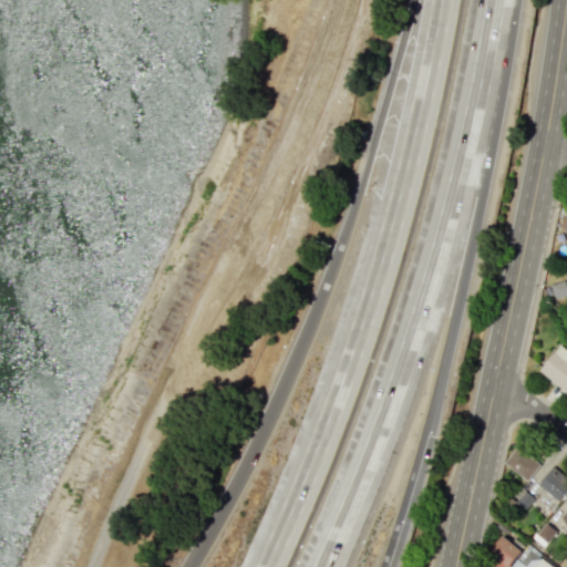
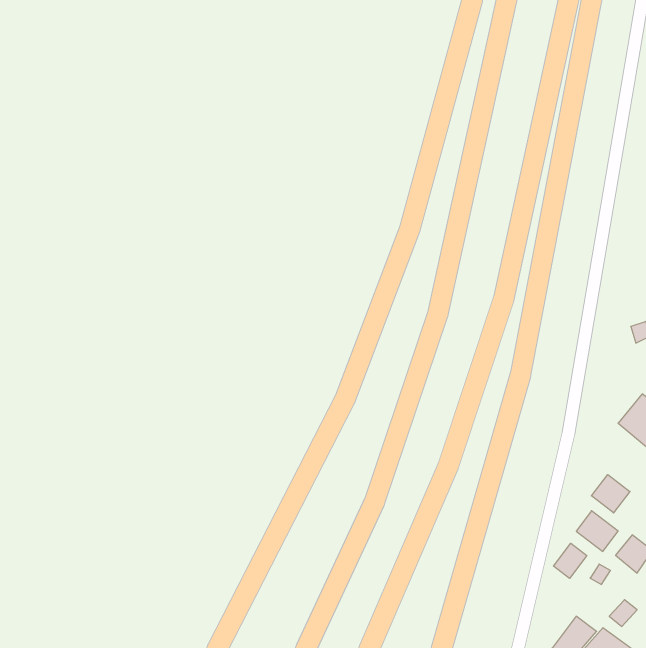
building: none -> [591,475,630,513]
building: none -> [553,543,587,578]

